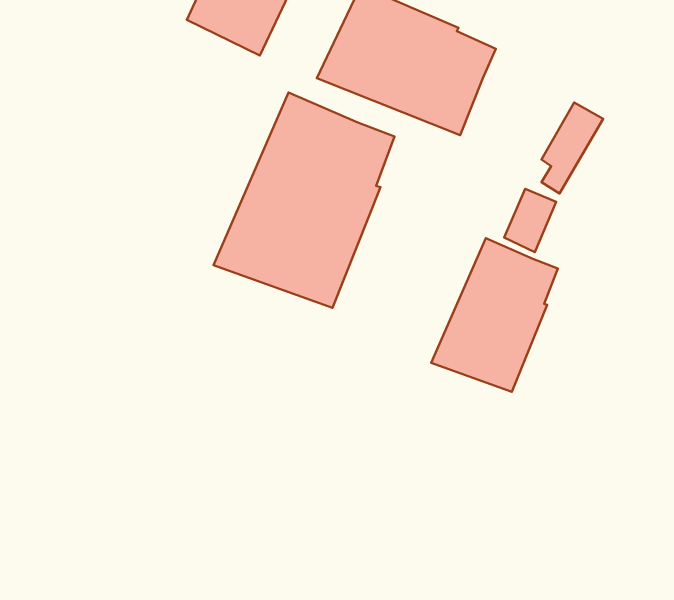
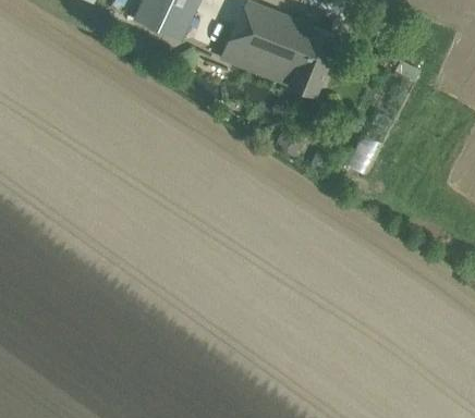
building: [214,93,395,308] -> none
building: [431,238,558,392] -> none

